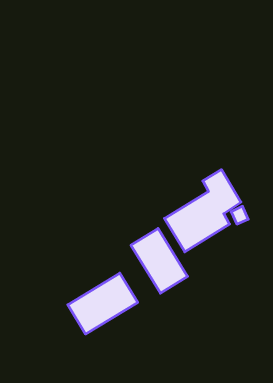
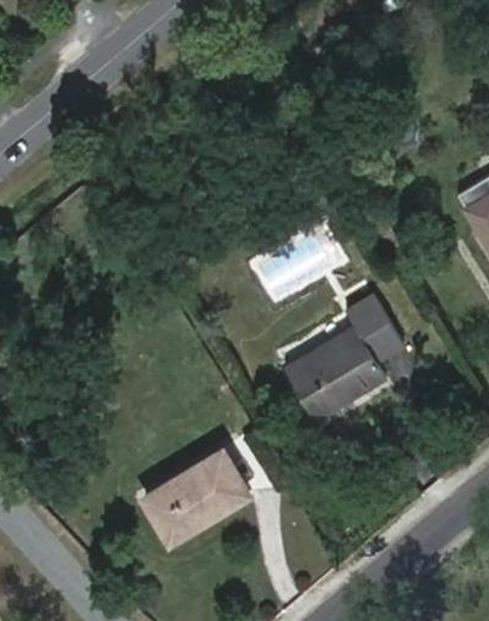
building: [131,228,188,293] -> none

